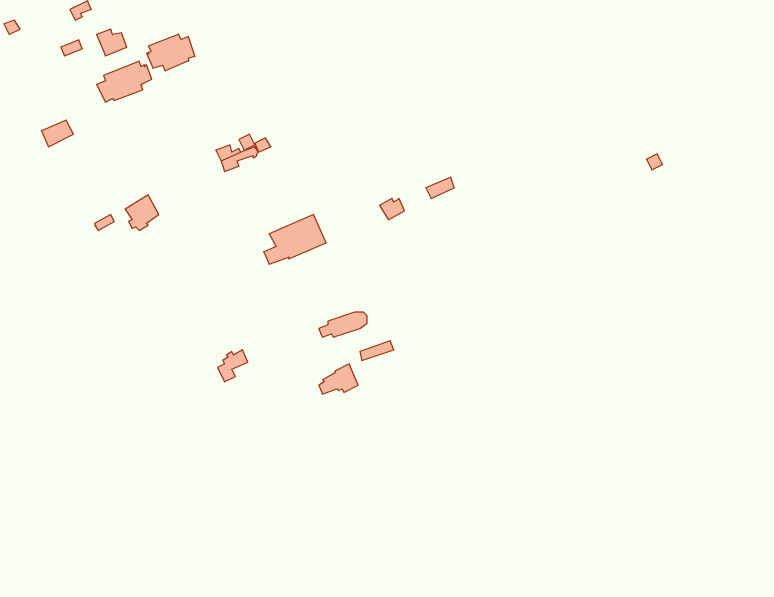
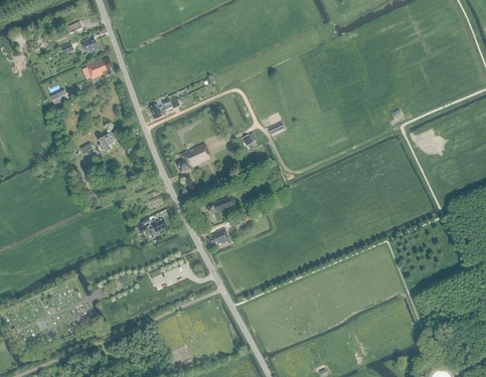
building: [147,34,195,71] -> none

